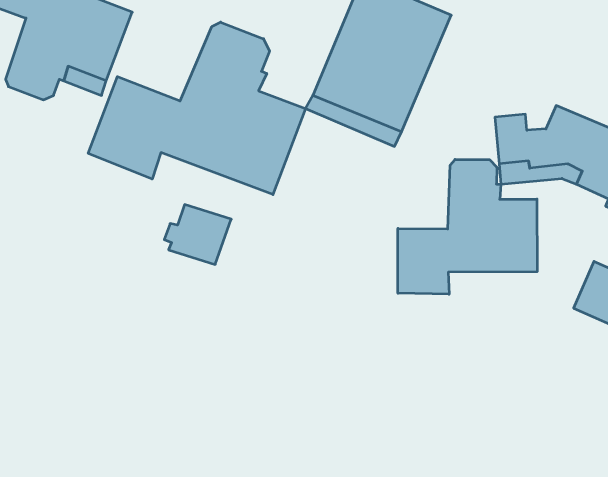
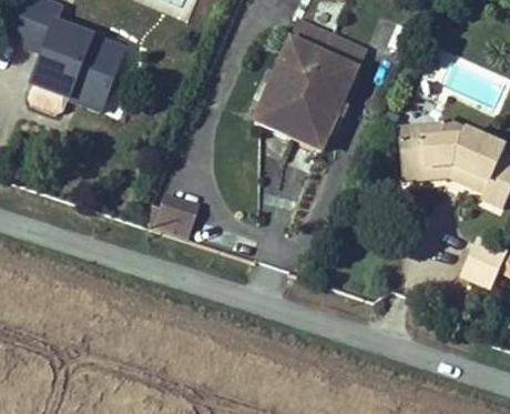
building: [88,22,306,195] -> none
building: [398,159,537,294] -> none

